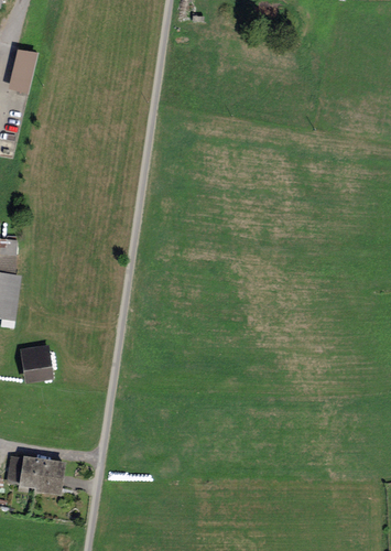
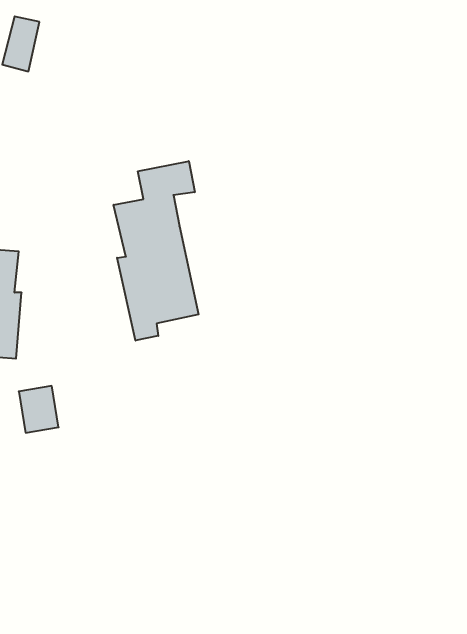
building: none -> [114,161,199,341]
building: [18,455,66,495] -> none

